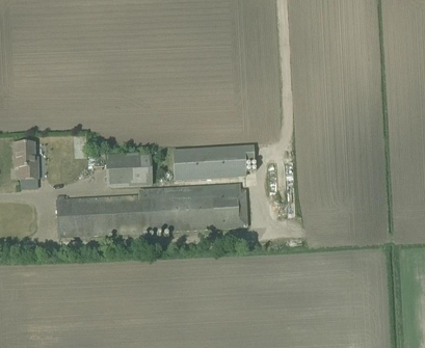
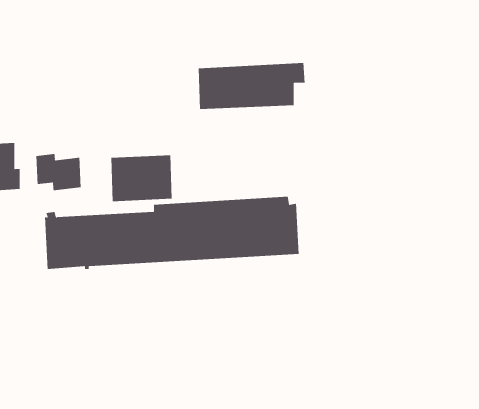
building: [174,144,255,180] -> [198,63,305,109]
building: none -> [36,153,81,191]

